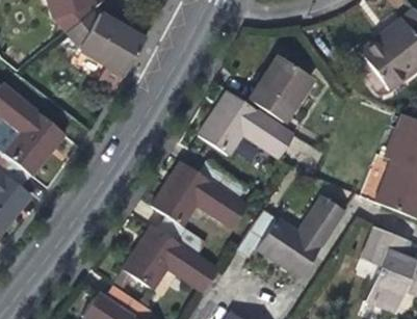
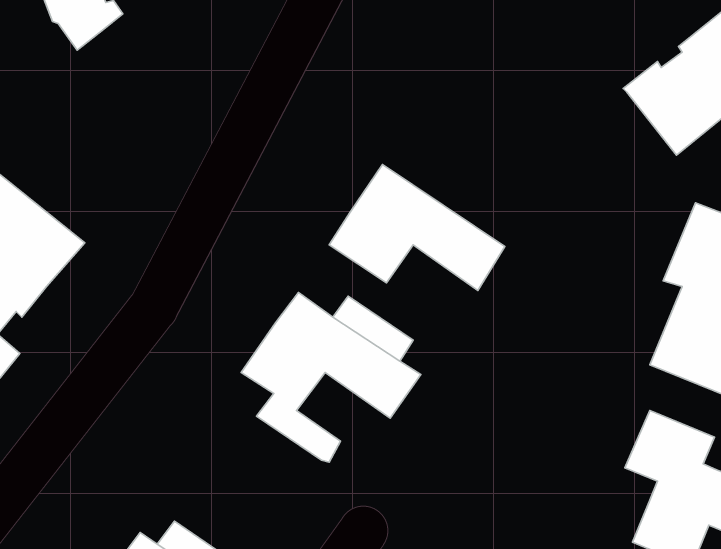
building: [62,10,139,69] -> none
building: [251,57,307,123] -> none
building: [239,198,343,278] -> none
building: [122,224,220,294] -> none

